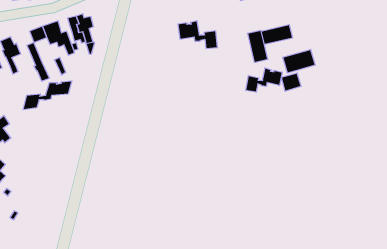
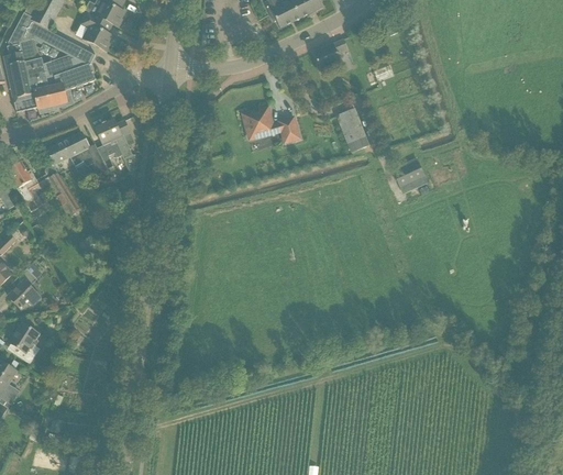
building: [261,25,292,45] -> none
building: [283,49,315,73] -> none
building: [246,68,282,92] -> none
building: [23,81,72,110] -> none

